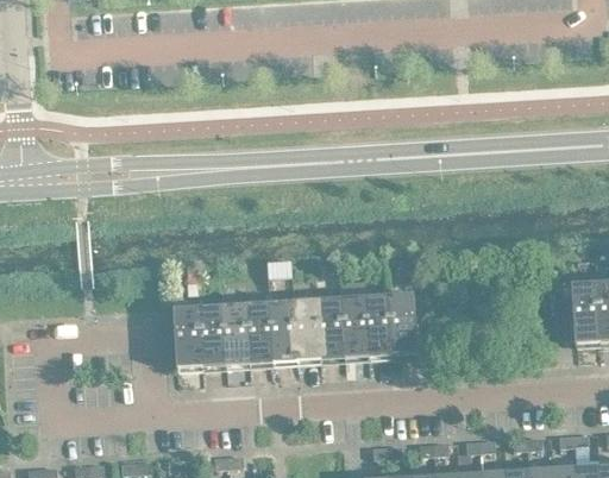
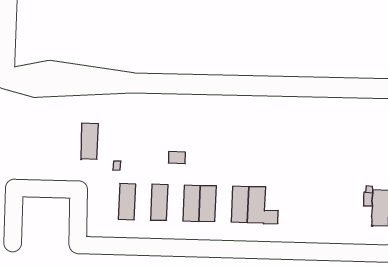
building: [343,301,369,354] -> none
building: [271,306,297,359] -> none
building: [224,308,250,363] -> none
building: [175,312,202,366] -> [81,123,98,159]

